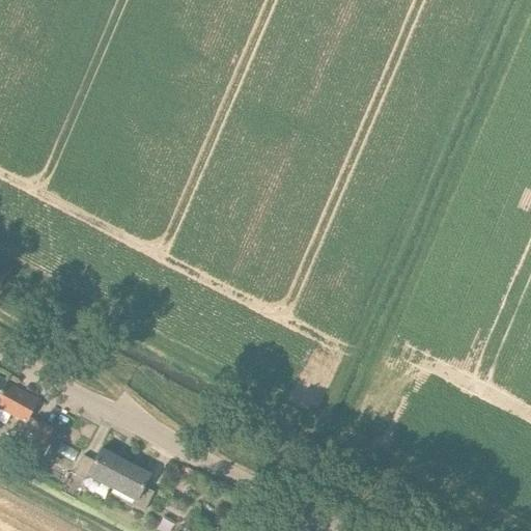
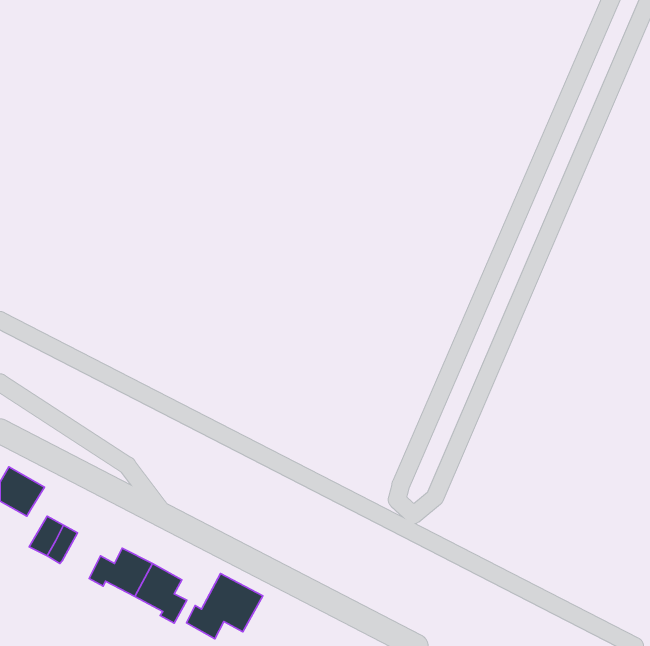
building: none -> [186,574,263,639]

